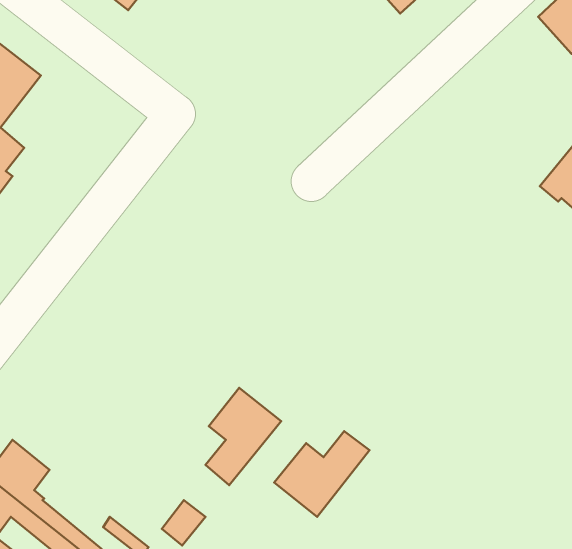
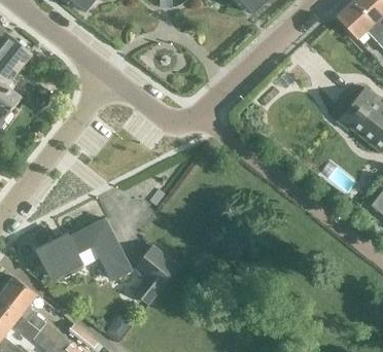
building: none -> [36,218,131,279]
building: [274,431,370,517] -> none

